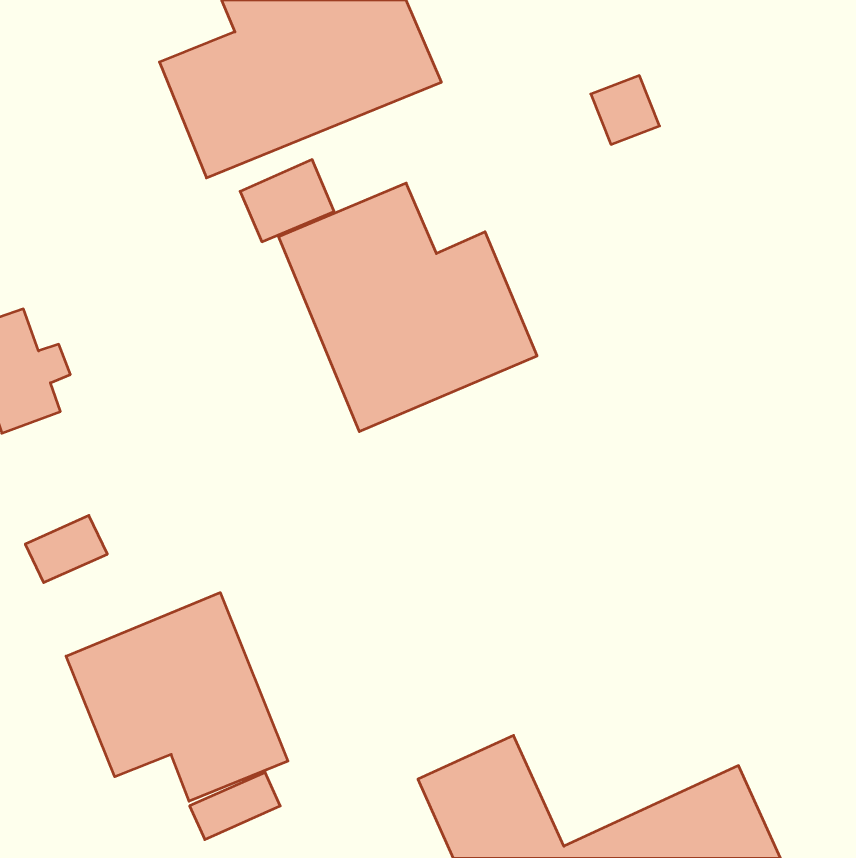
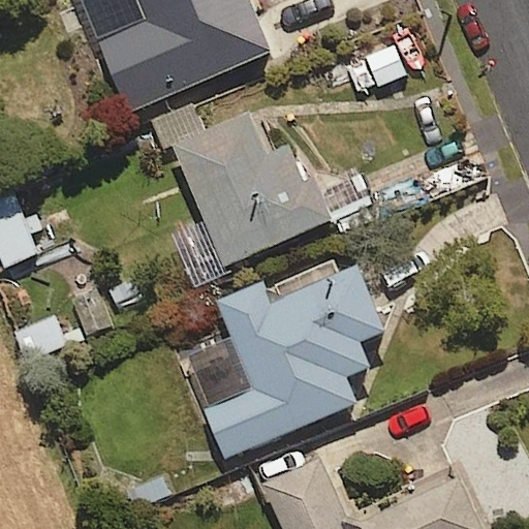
building: none -> [199,267,384,459]
building: [66,593,288,801] -> none

